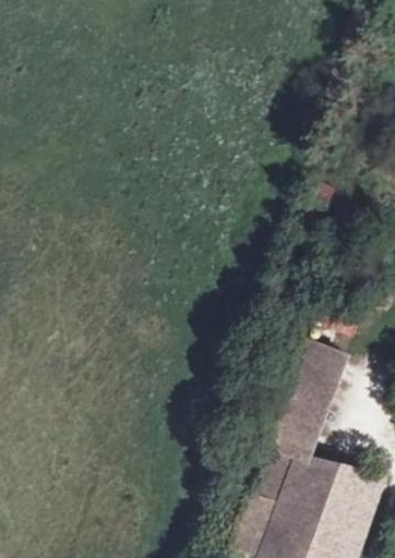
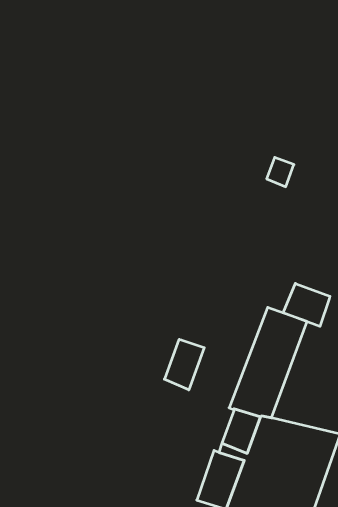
building: none -> [283,283,330,326]
building: none -> [164,339,204,390]

